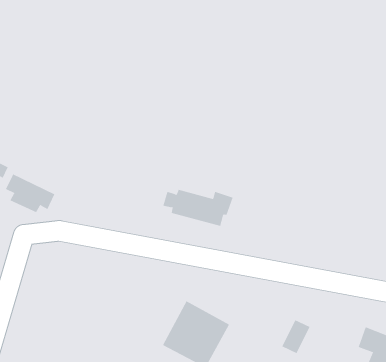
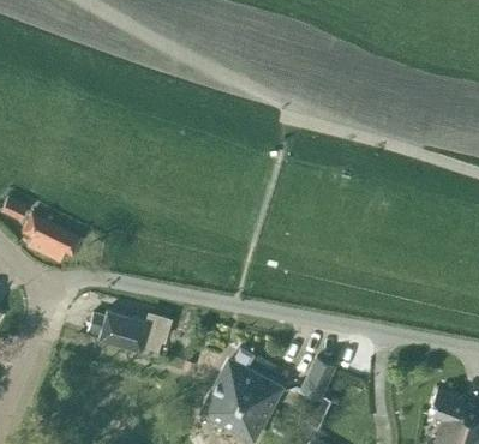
building: [163,189,233,227] -> [86,311,168,354]
building: [281,319,310,354] -> [300,358,334,397]

